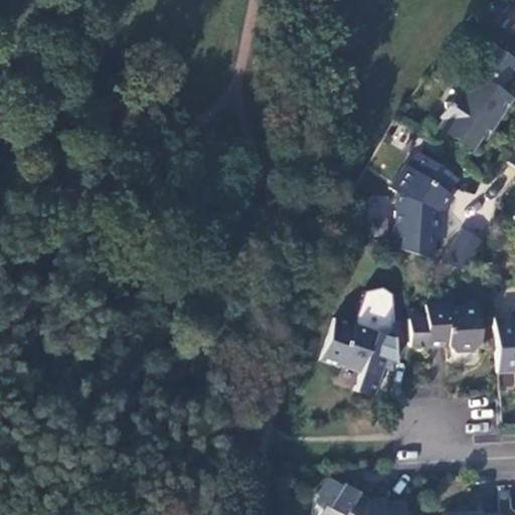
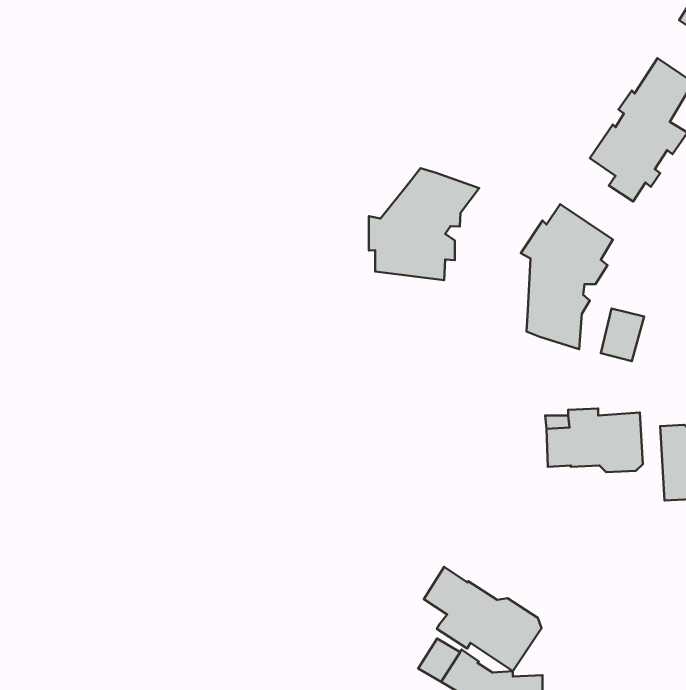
building: none -> [369,168,479,280]
building: [322,290,397,397] -> none
building: none -> [424,567,541,671]

